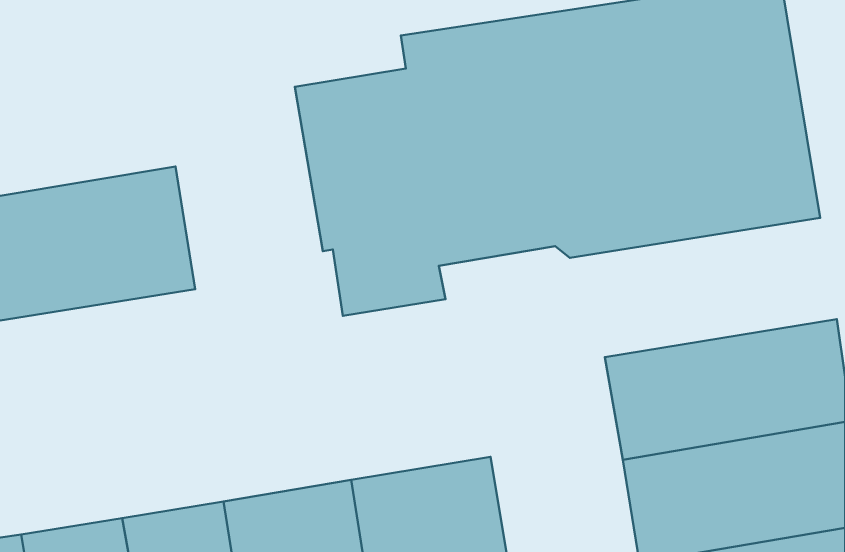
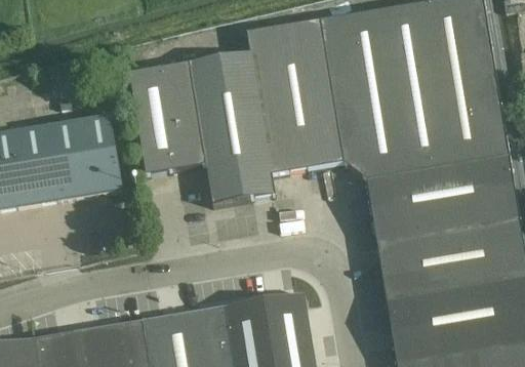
building: none -> [128,64,201,174]
building: none -> [354,145,519,231]

